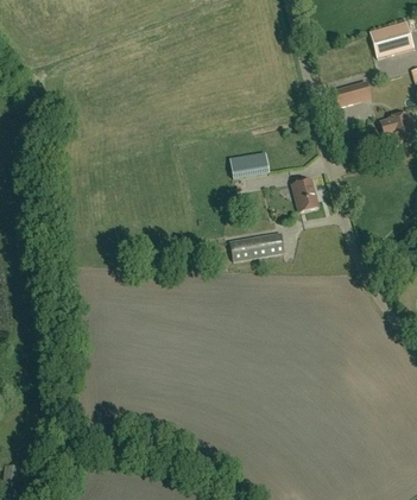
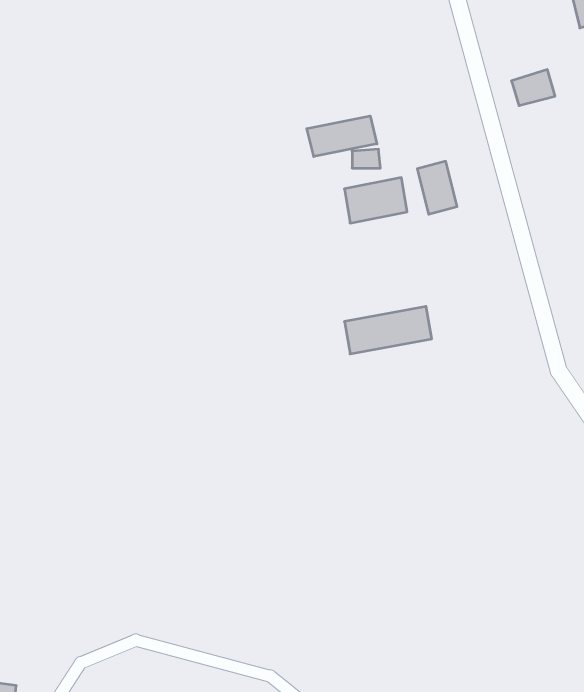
building: none -> [307,116,377,157]
building: [292,178,317,211] -> [417,161,457,214]

